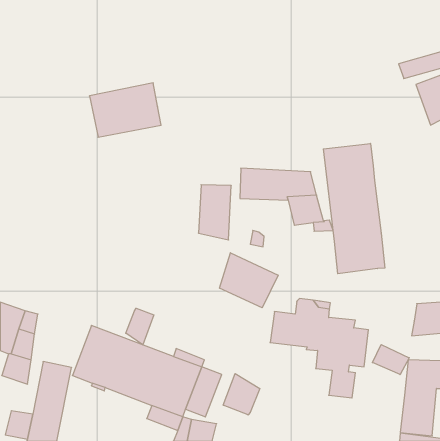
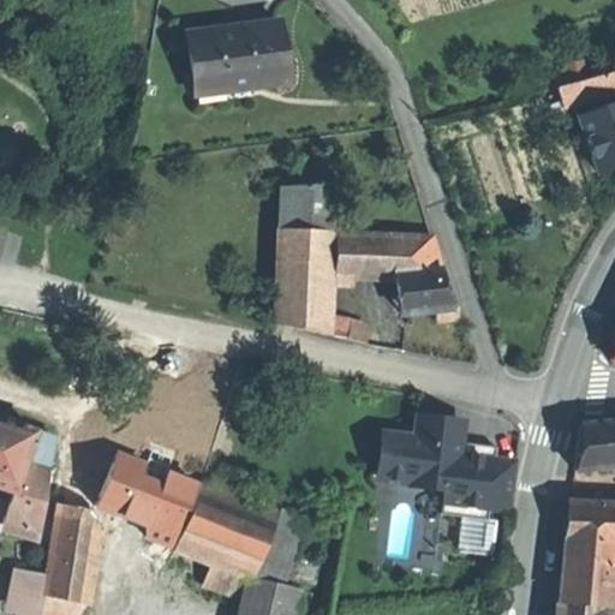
building: [89,83,161,137] -> [185,18,285,94]
building: none -> [281,185,339,258]
building: [323,143,385,274] -> none
building: [220,253,278,308] -> none
building: [126,308,154,345] -> none
building: [372,345,409,375] -> none
building: [223,374,260,415] -> none

